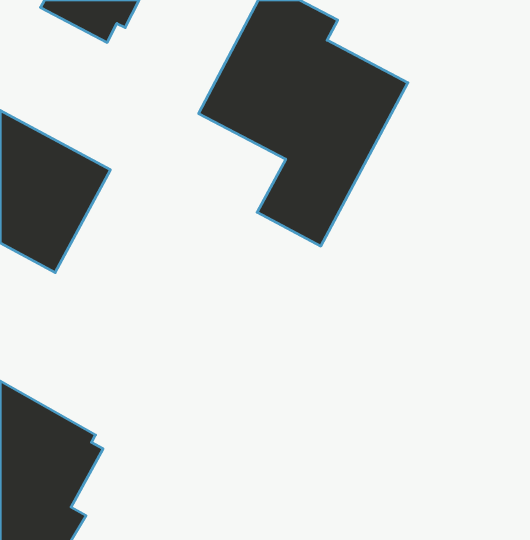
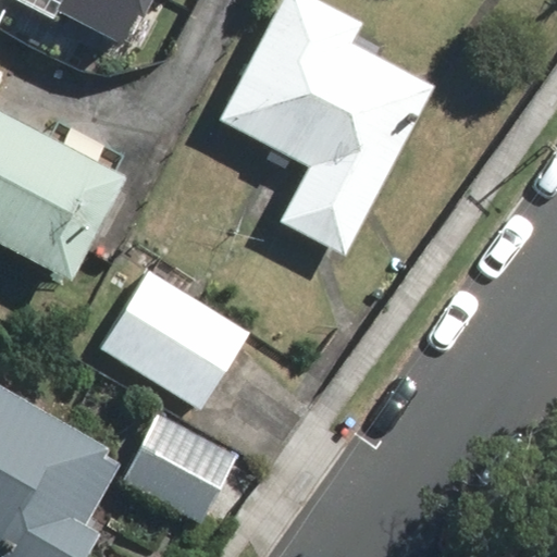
building: none -> [98,268,249,409]
building: none -> [120,411,239,521]

